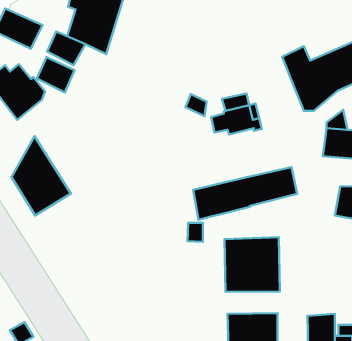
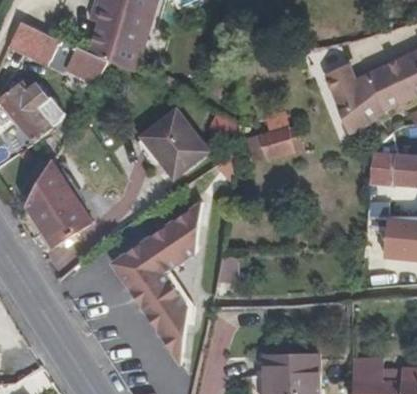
building: [37,57,74,92] -> none
building: none -> [141,109,208,178]
building: [193,167,297,220] -> none
building: none -> [107,203,201,367]
building: [224,237,280,292] -> none

